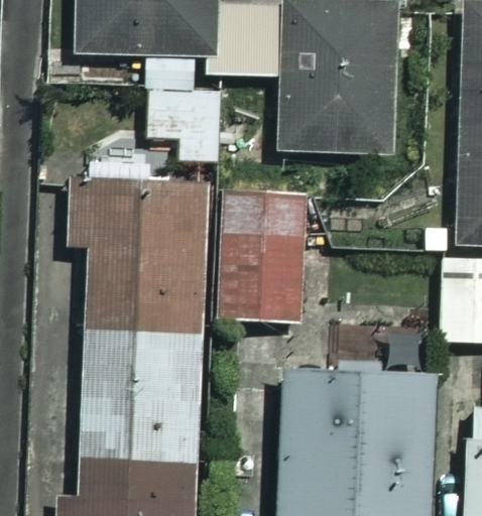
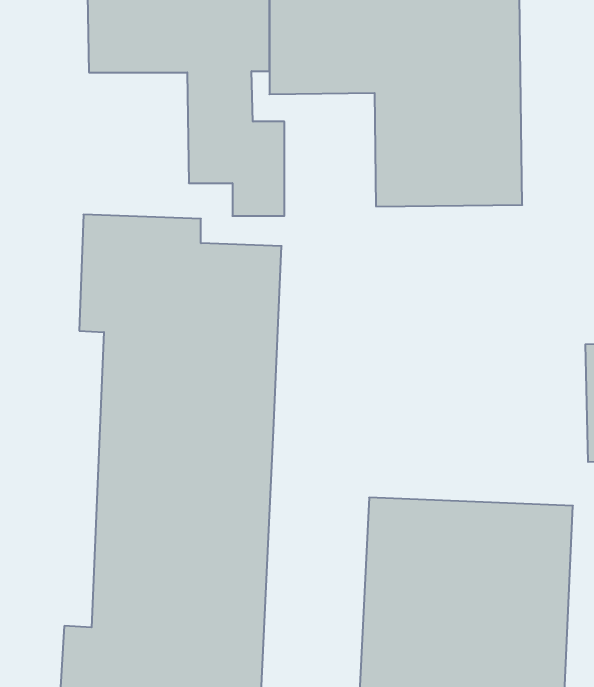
building: [212,184,305,325] -> none

